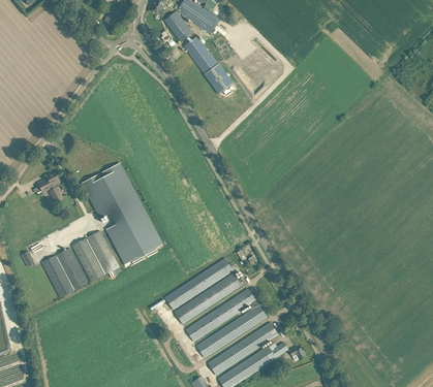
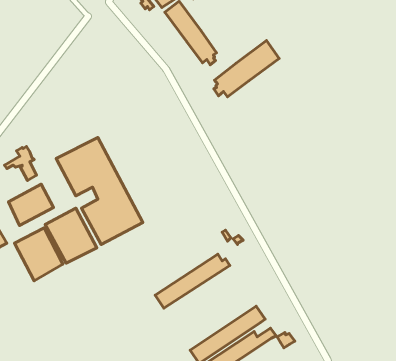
building: none -> [214,41,279,97]
building: none -> [8,184,54,226]
building: [163,258,234,310] -> none
building: [185,289,266,358] -> none

